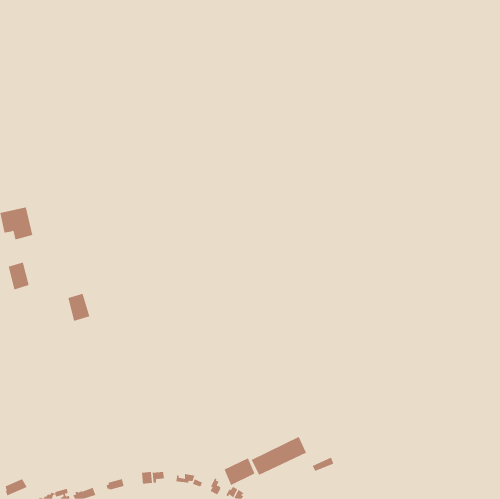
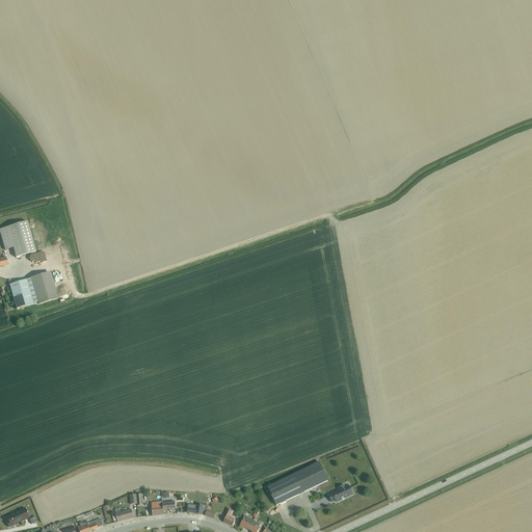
building: [68,293,90,321] -> [30,273,54,303]
building: [224,457,255,486] -> none

